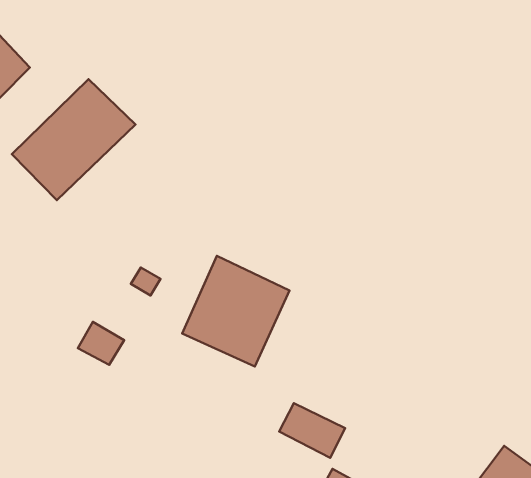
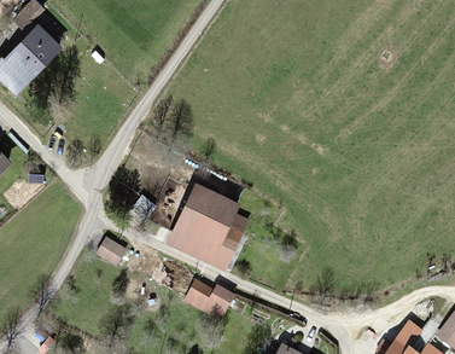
building: [12,79,135,200] -> none
building: [279,403,345,458] -> [186,280,234,320]

